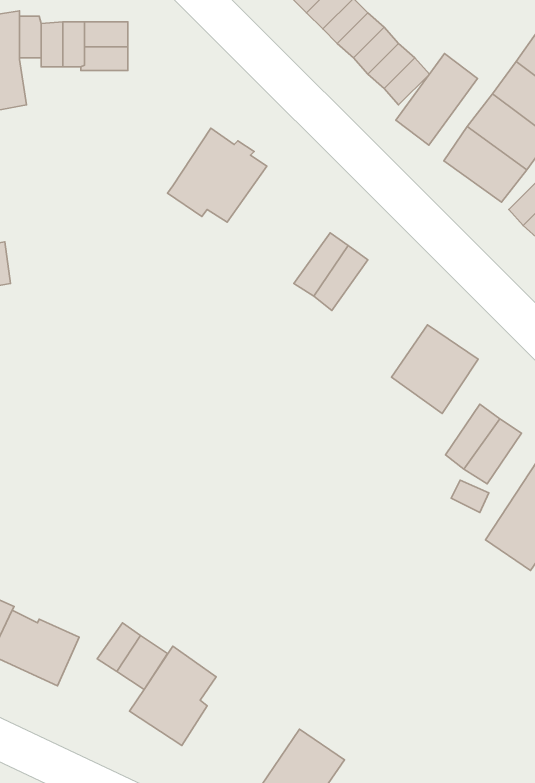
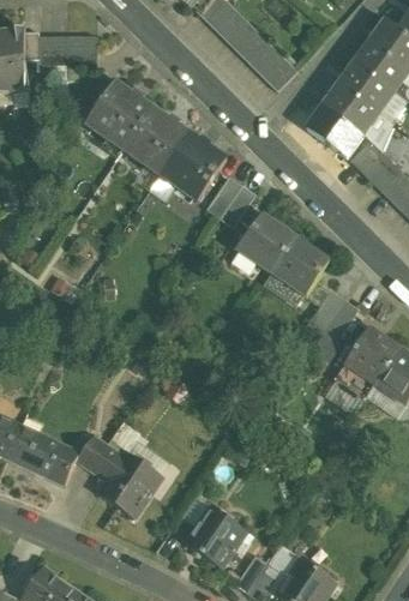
building: [396,53,477,145] -> none
building: none -> [86,82,152,145]
building: none -> [163,132,228,200]
building: none -> [239,214,296,272]

